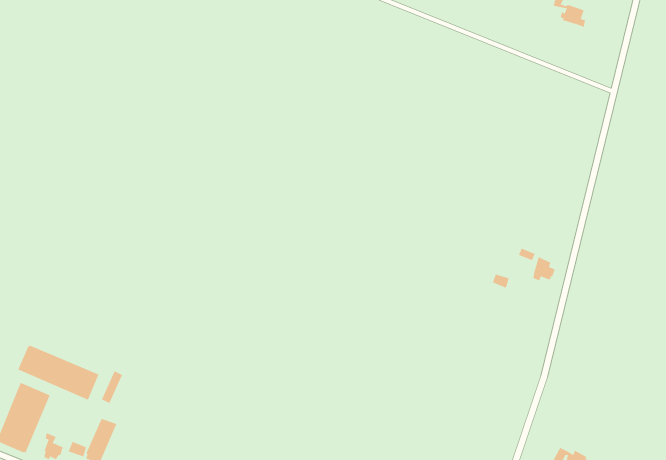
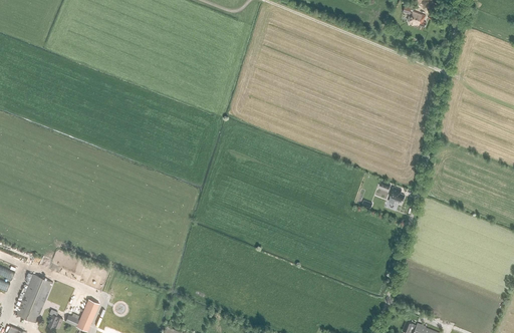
building: [18,345,99,400] -> none

